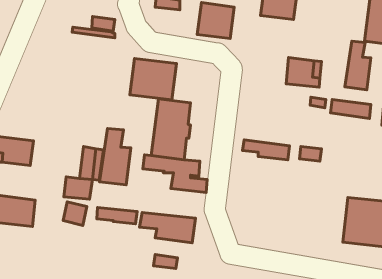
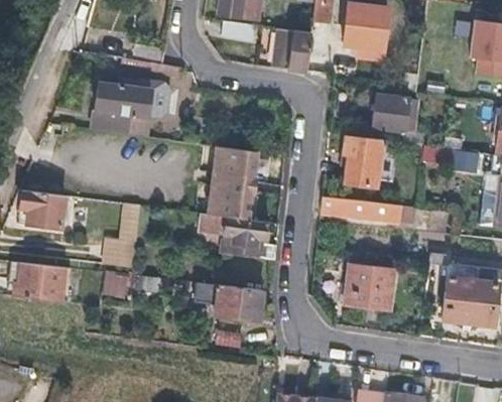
building: [345,41,371,90] -> none
building: [130,59,177,100] -> [94,85,151,135]
building: none -> [341,134,381,187]
building: [100,129,131,185] -> none
building: none -> [344,266,395,311]

